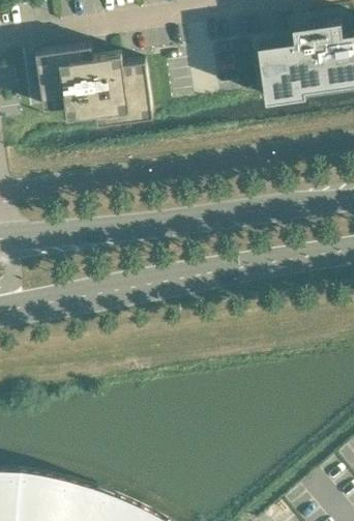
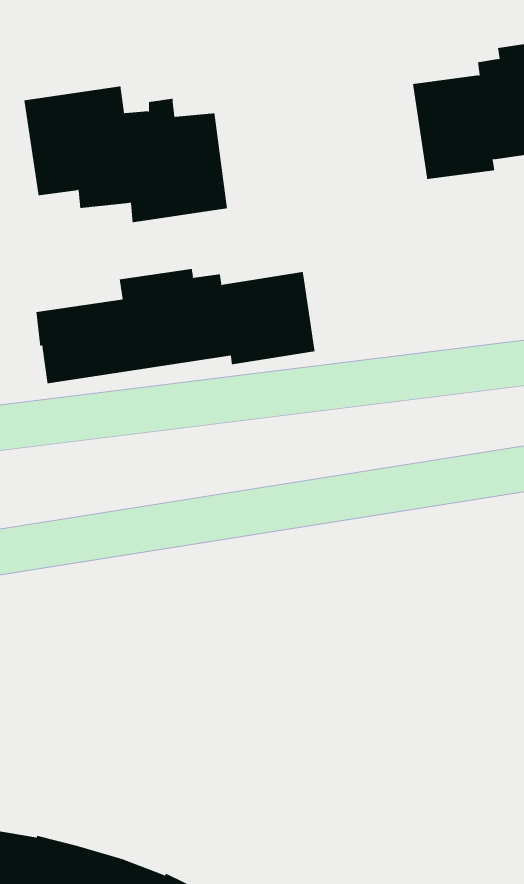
building: none -> [36,268,315,384]

